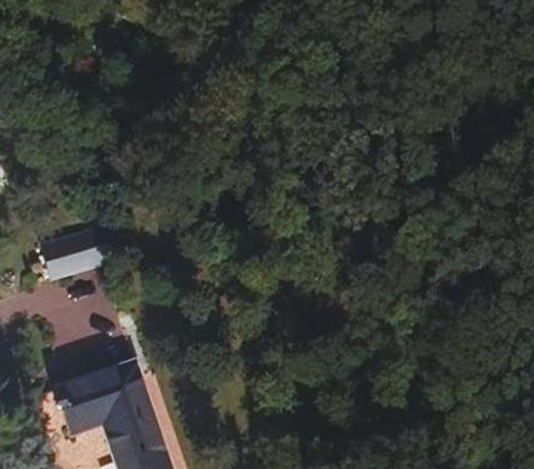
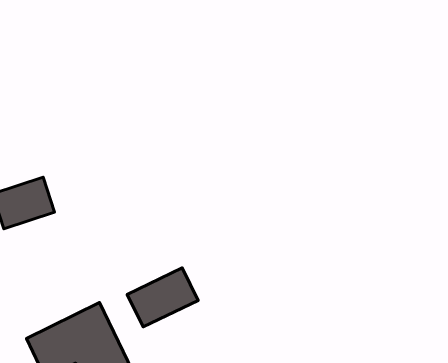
building: none -> [127,268,198,327]

